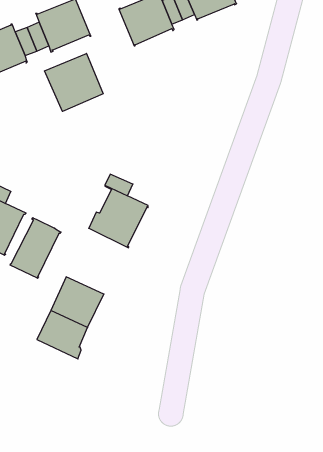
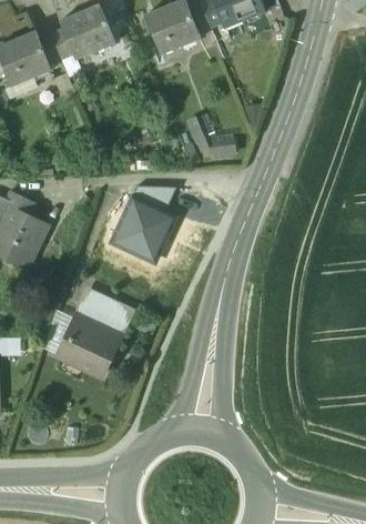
building: [45,53,103,111] -> none
building: none -> [186,117,234,155]
building: [10,218,61,278] -> none

